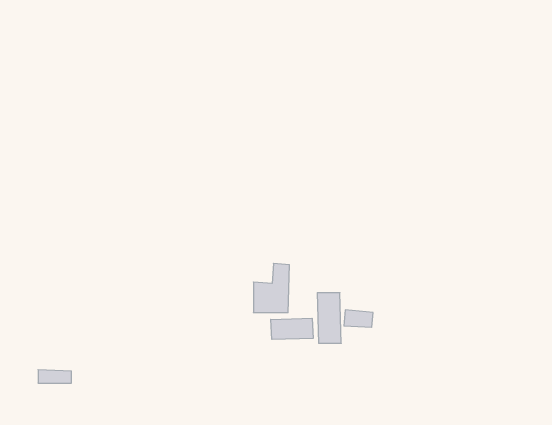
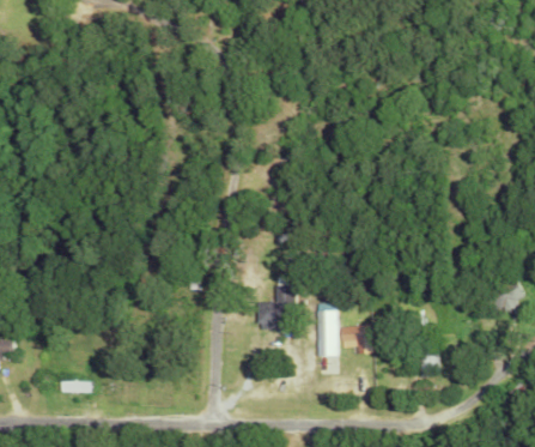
building: [271,318,313,339] -> none

